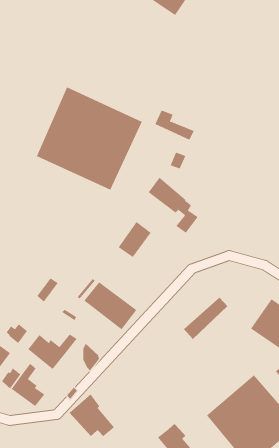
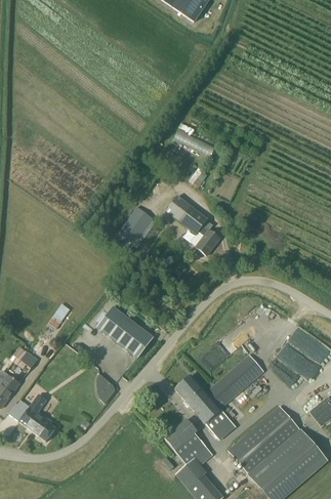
building: [36,86,143,190] -> none
building: [118,221,151,258] -> [118,206,154,245]
building: none -> [175,354,264,440]
building: [27,333,78,370] -> none
building: [69,394,115,437] -> [164,418,213,464]

